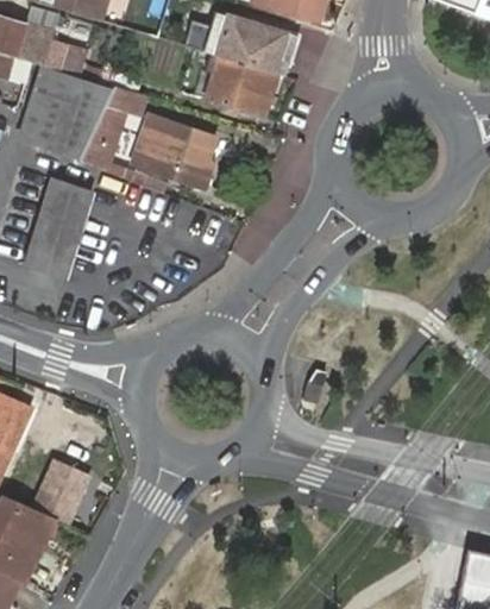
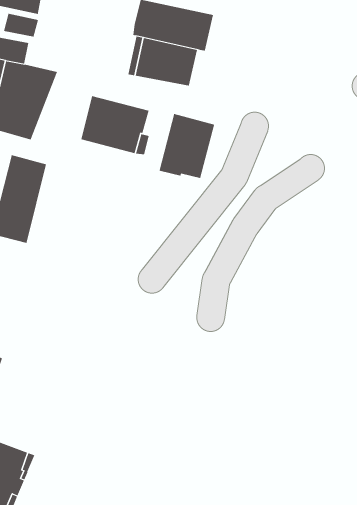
building: [80,87,147,178] -> none
building: none -> [159,113,215,179]
building: [34,456,88,519] -> none

